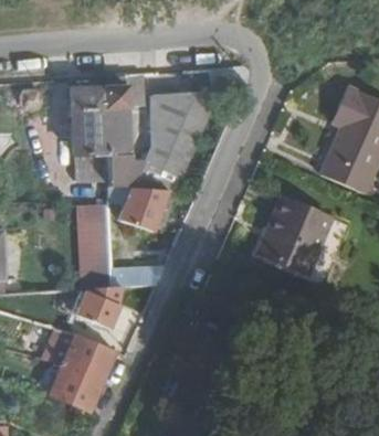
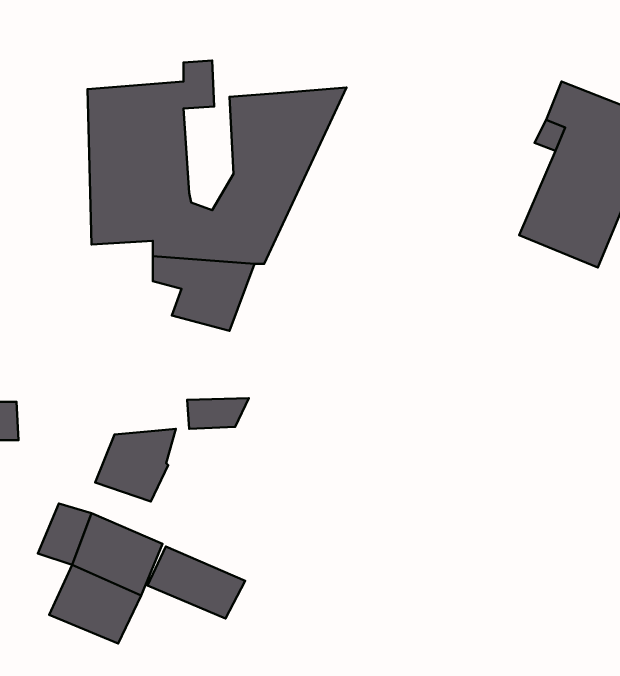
building: [257,199,330,275] -> none
building: [75,202,110,275] -> none
building: none -> [148,546,245,618]

